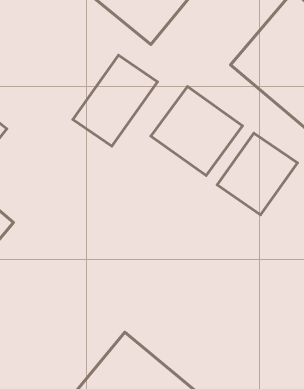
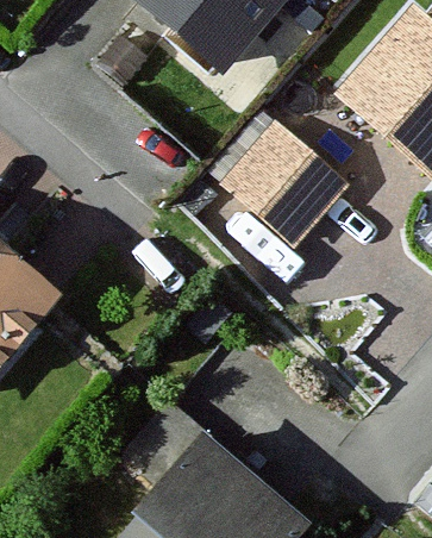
building: [73,55,158,146] -> none
building: [217,133,297,215] -> none

